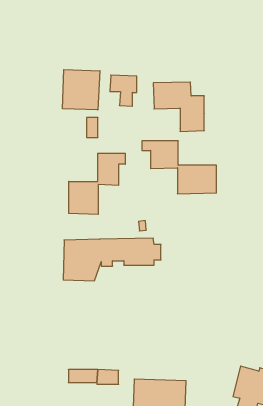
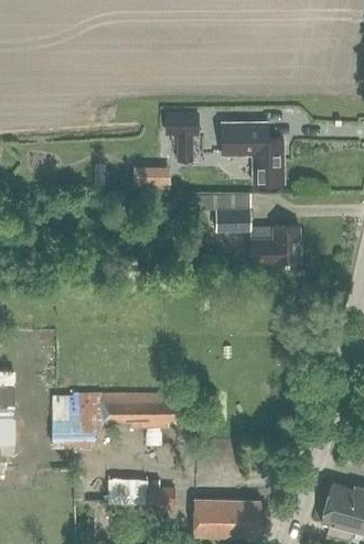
building: [63,70,100,110] -> none
building: [69,153,125,214] -> none
building: [63,238,161,281] -> [53,393,178,447]

